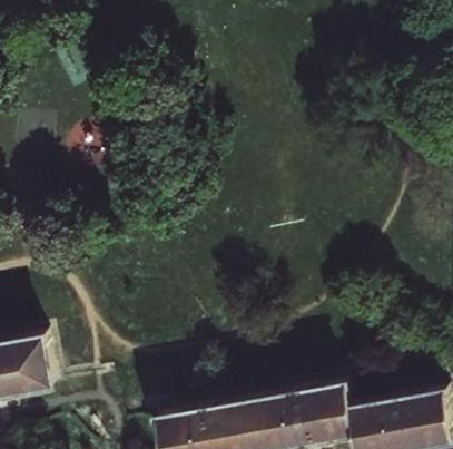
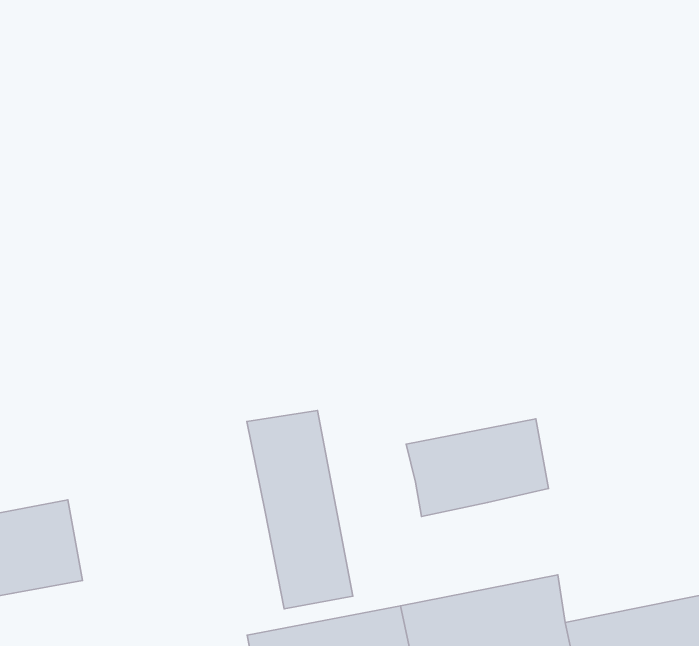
building: none -> [247,410,353,609]
building: none -> [406,419,549,516]

